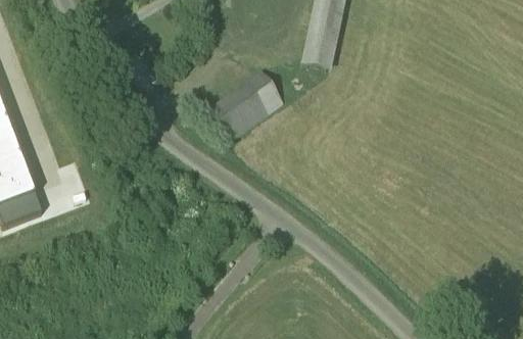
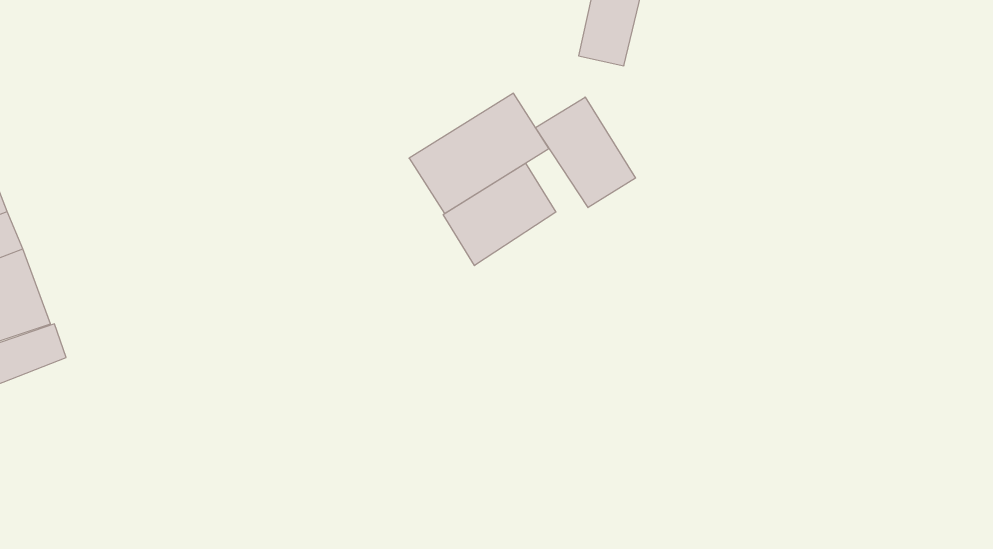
building: none -> [535,97,636,208]
building: none -> [443,163,556,266]

